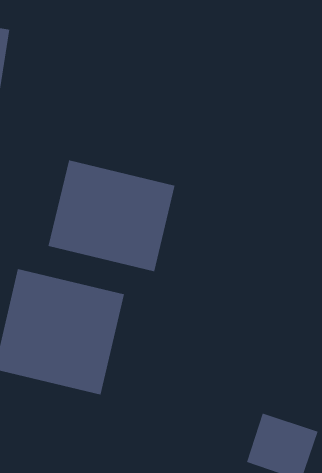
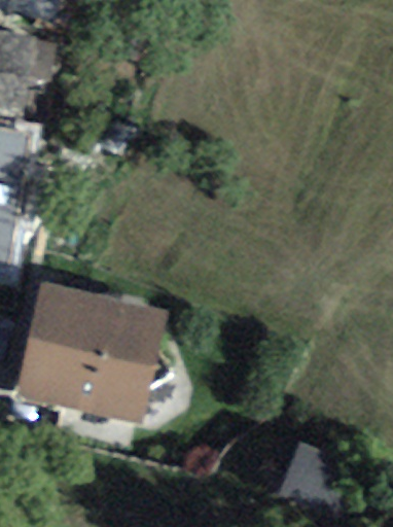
building: [48,159,175,272] -> none

